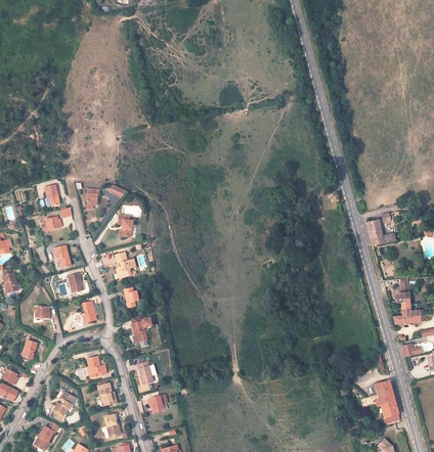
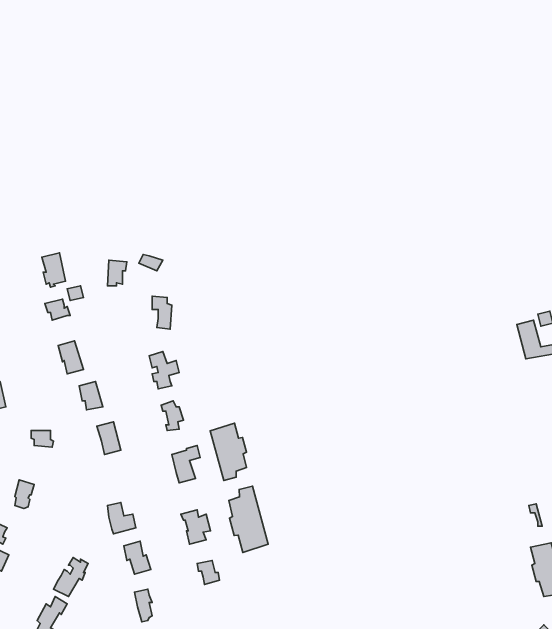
building: none -> [210,423,246,480]
building: none -> [229,486,268,552]

